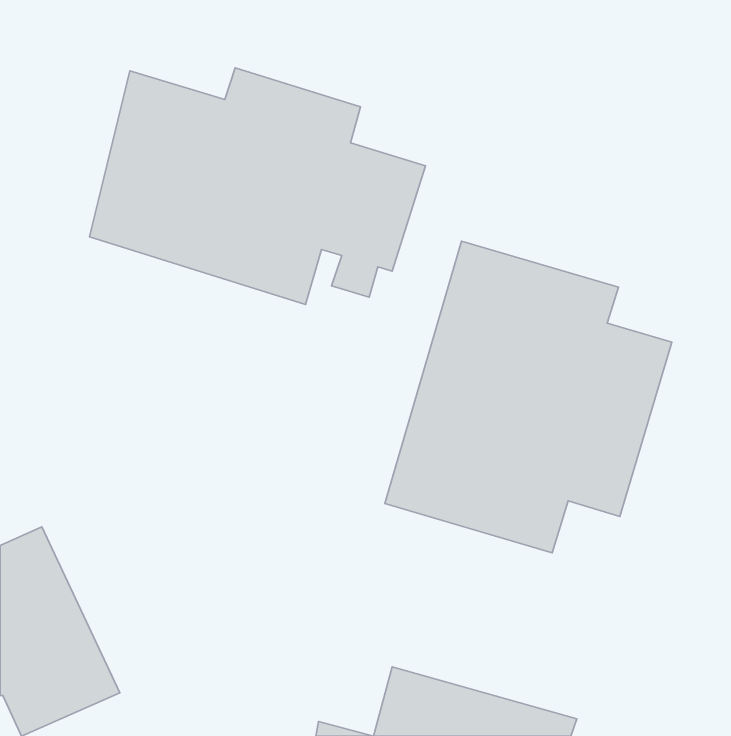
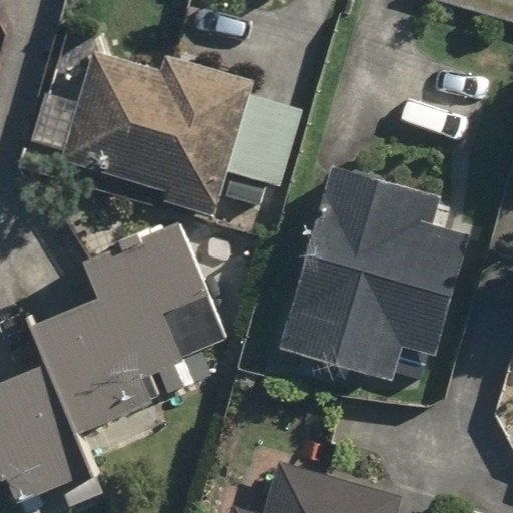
building: none -> [36,226,202,430]

